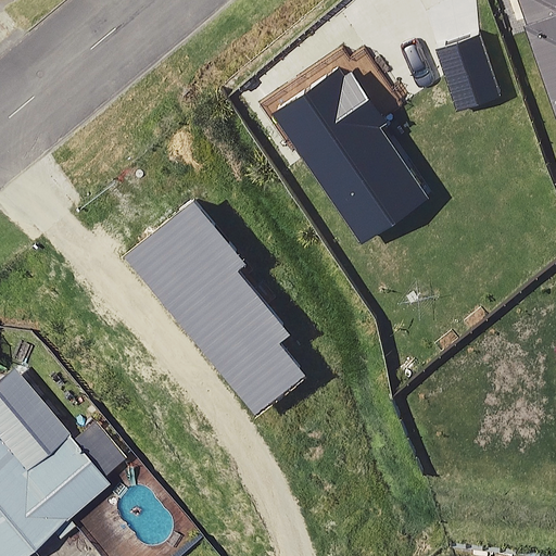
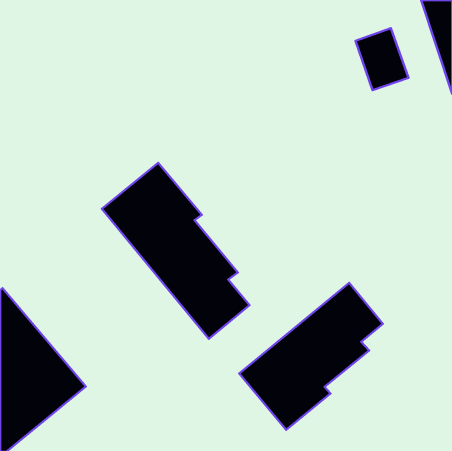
building: [271,67,430,248] -> none
building: none -> [239,283,383,430]

